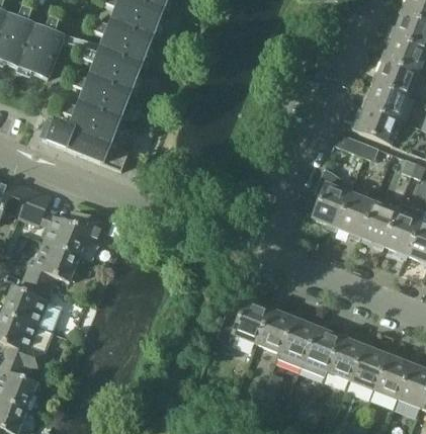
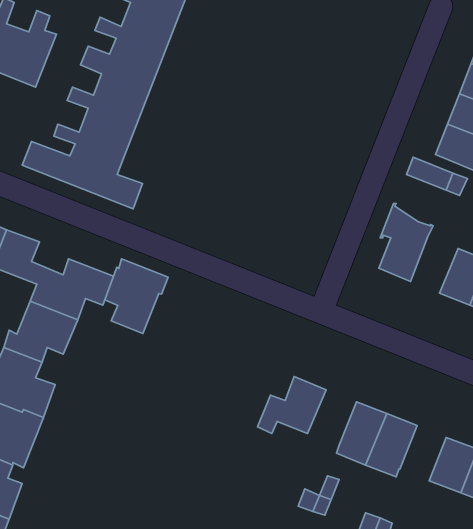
building: [335,191,371,235] -> none
building: none -> [105,259,168,333]
building: [256,309,293,351] -> none
building: [327,336,362,378] -> none

